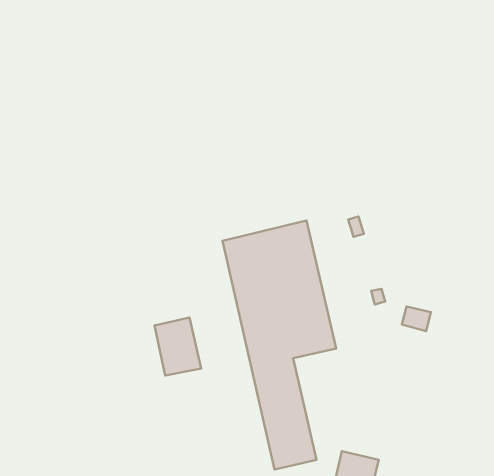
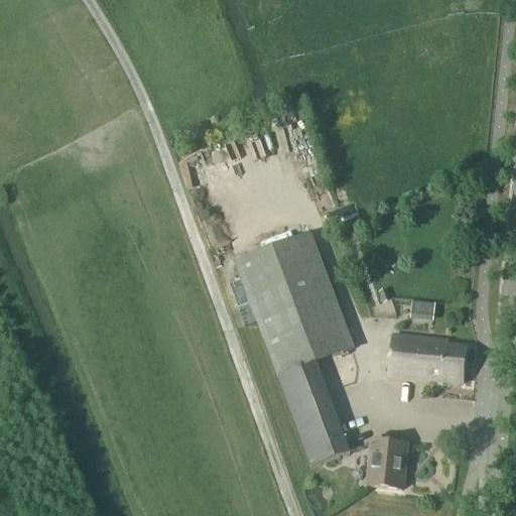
building: [155,317,201,376] -> none
building: none -> [388,333,466,381]

